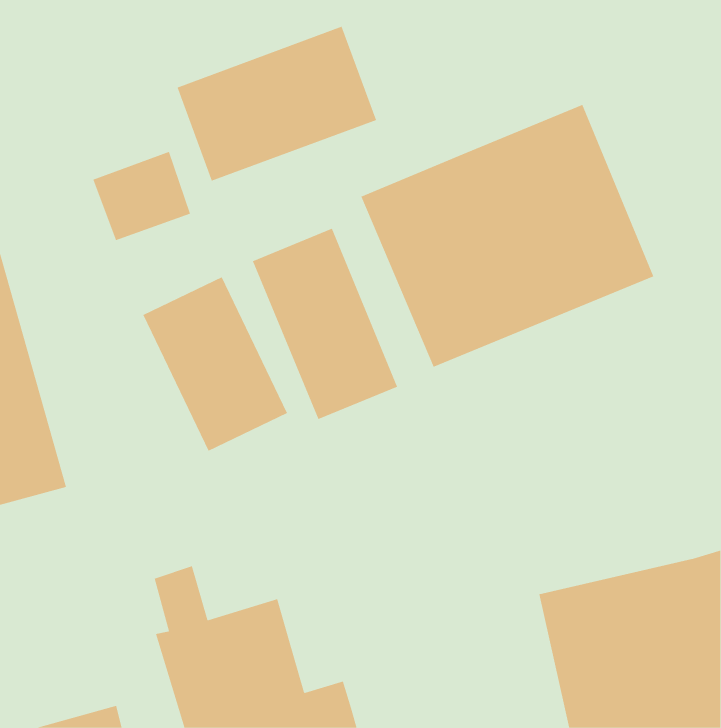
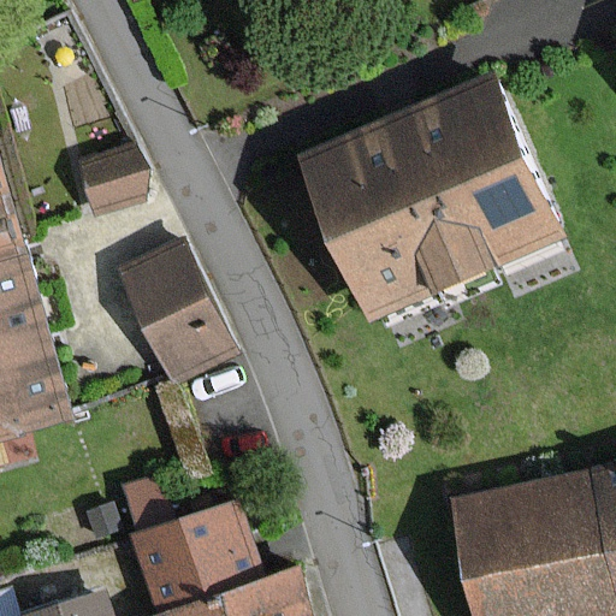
building: [177,26,377,182] -> none
building: [252,228,398,420] -> none

